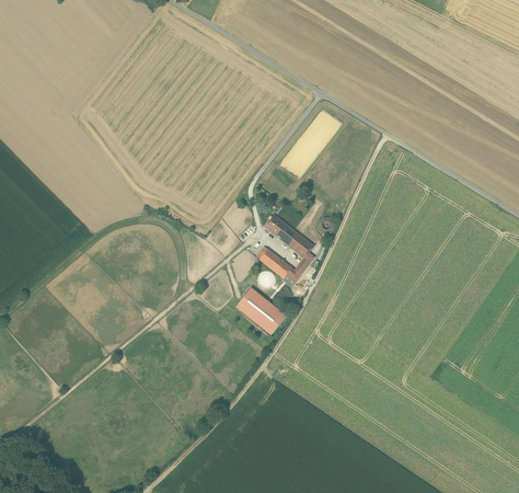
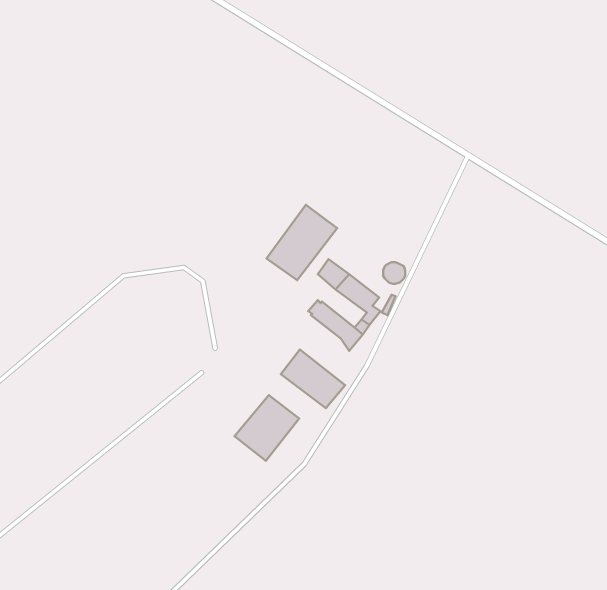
building: none -> [266,205,337,280]
building: none -> [235,395,299,461]

